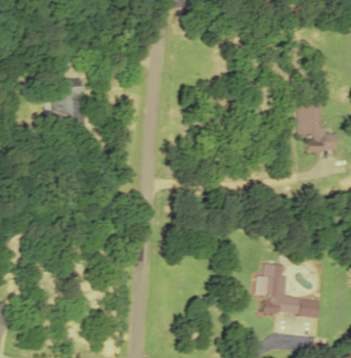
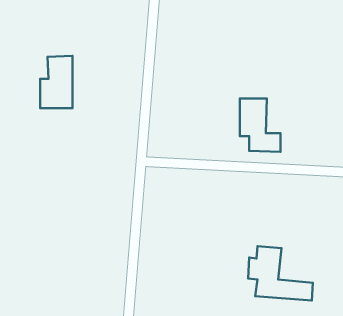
building: [298,99,338,151] -> [240,99,280,152]

